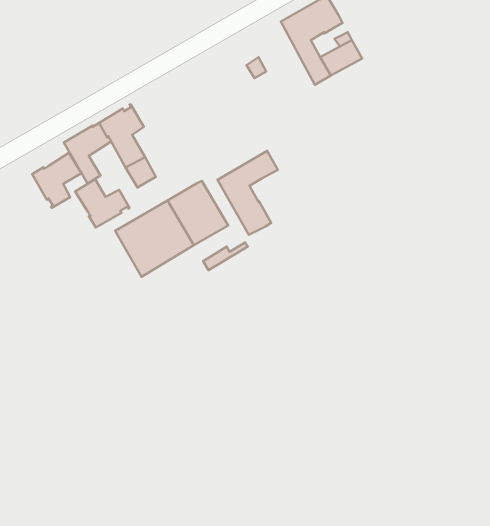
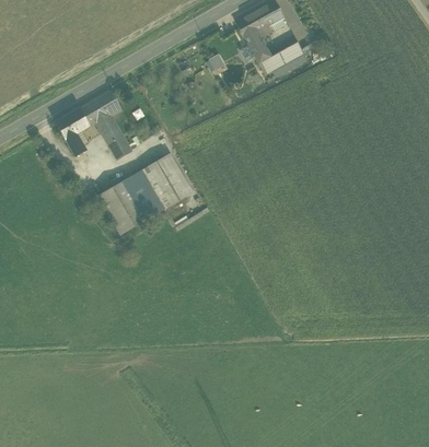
building: [218,151,278,235] -> none
building: [32,153,81,208] -> none
building: [75,179,129,227] -> none

